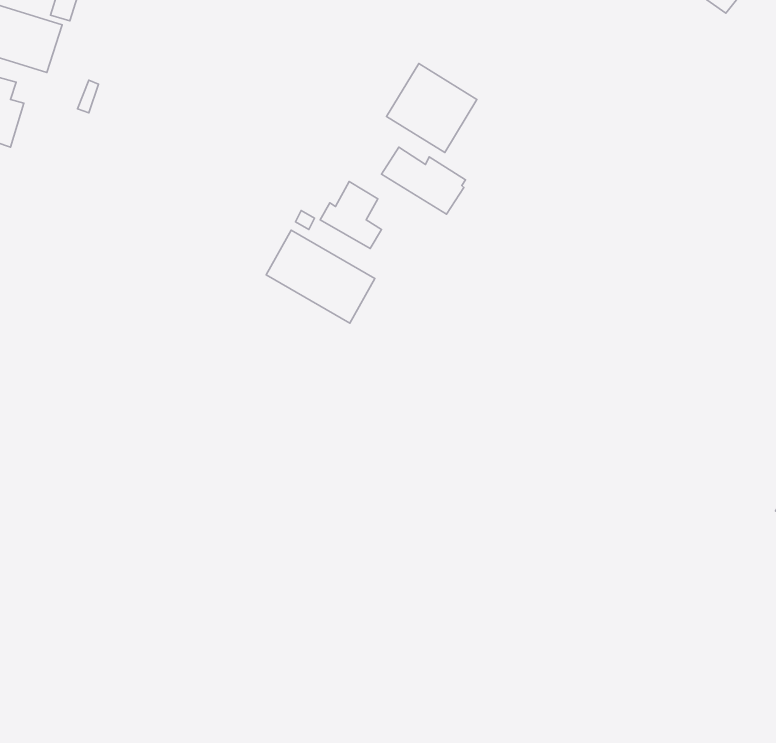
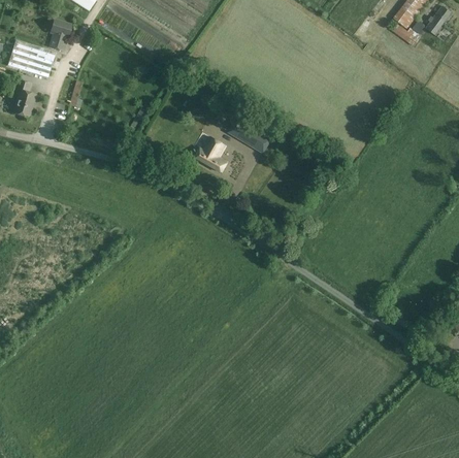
building: [387,63,477,152] -> none
building: [266,230,375,323] -> none

